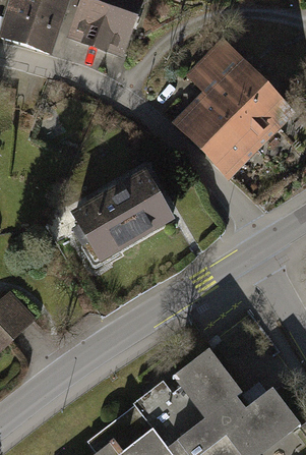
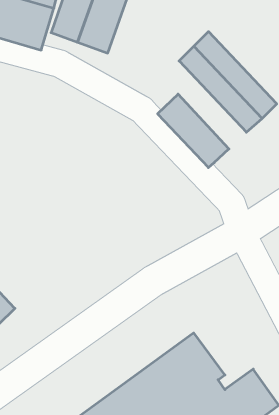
building: [187,66,266,158] -> none
building: [54,177,164,272] -> none

